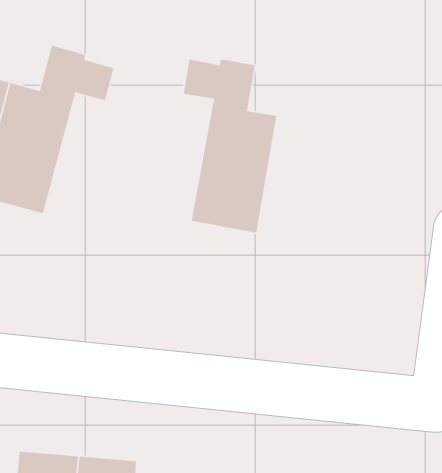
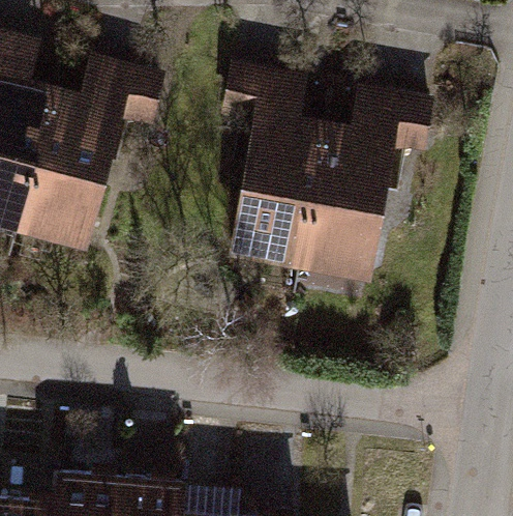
building: none -> [305,94,430,266]

